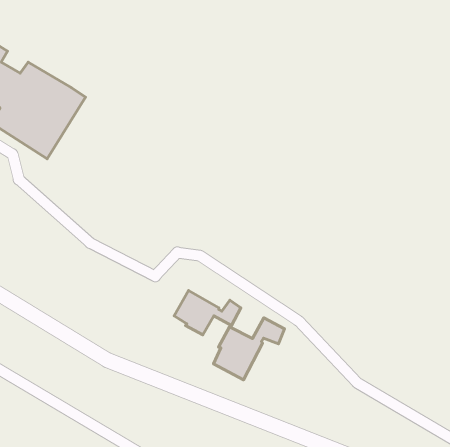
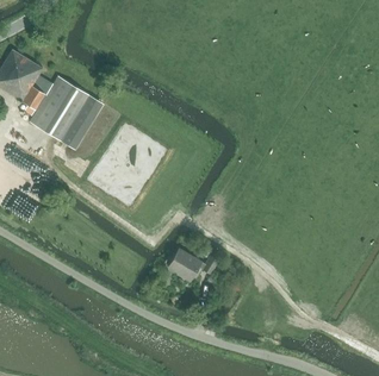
building: [213,318,284,380] -> none

